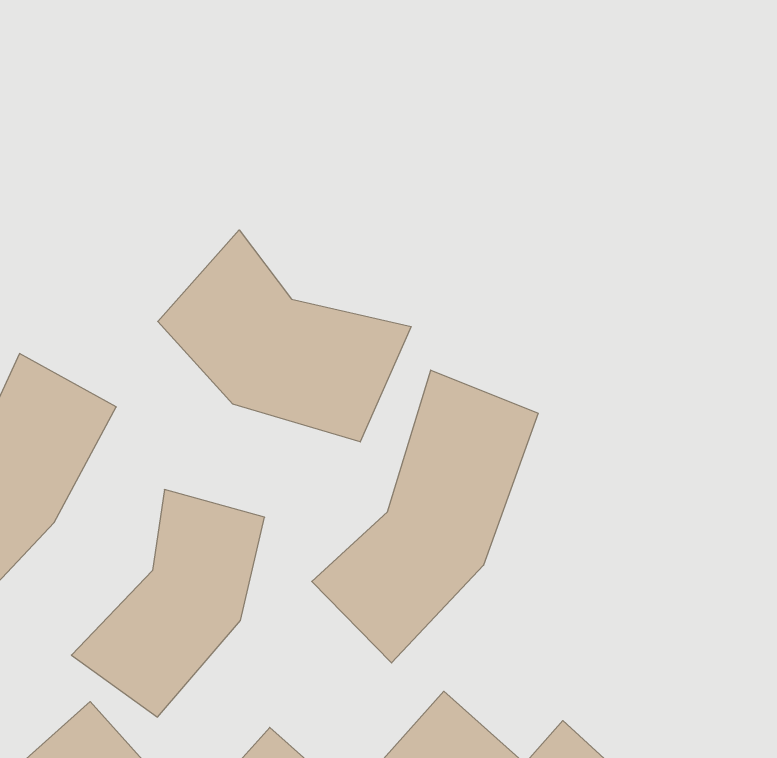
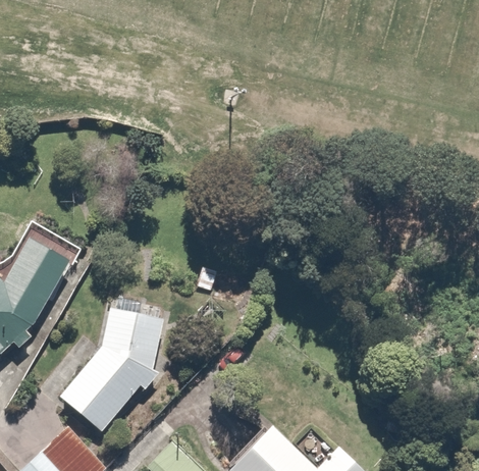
building: [158,230,411,442] -> none
building: [312,370,538,663] -> none

